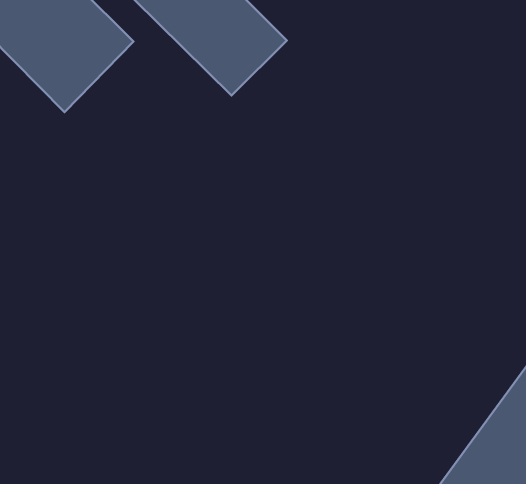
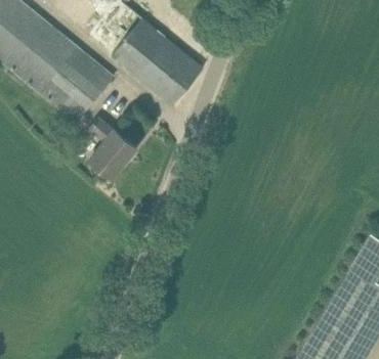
building: none -> [87,117,136,178]

